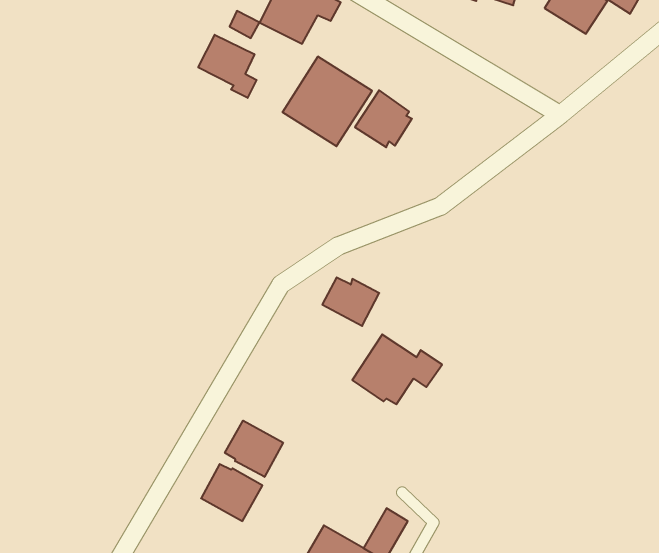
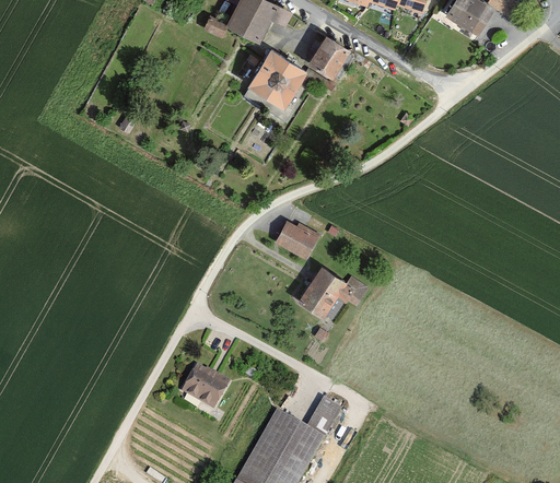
building: [198,35,257,98] -> none
building: [355,90,412,147] -> [307,35,351,79]
building: [225,421,283,477] -> none

